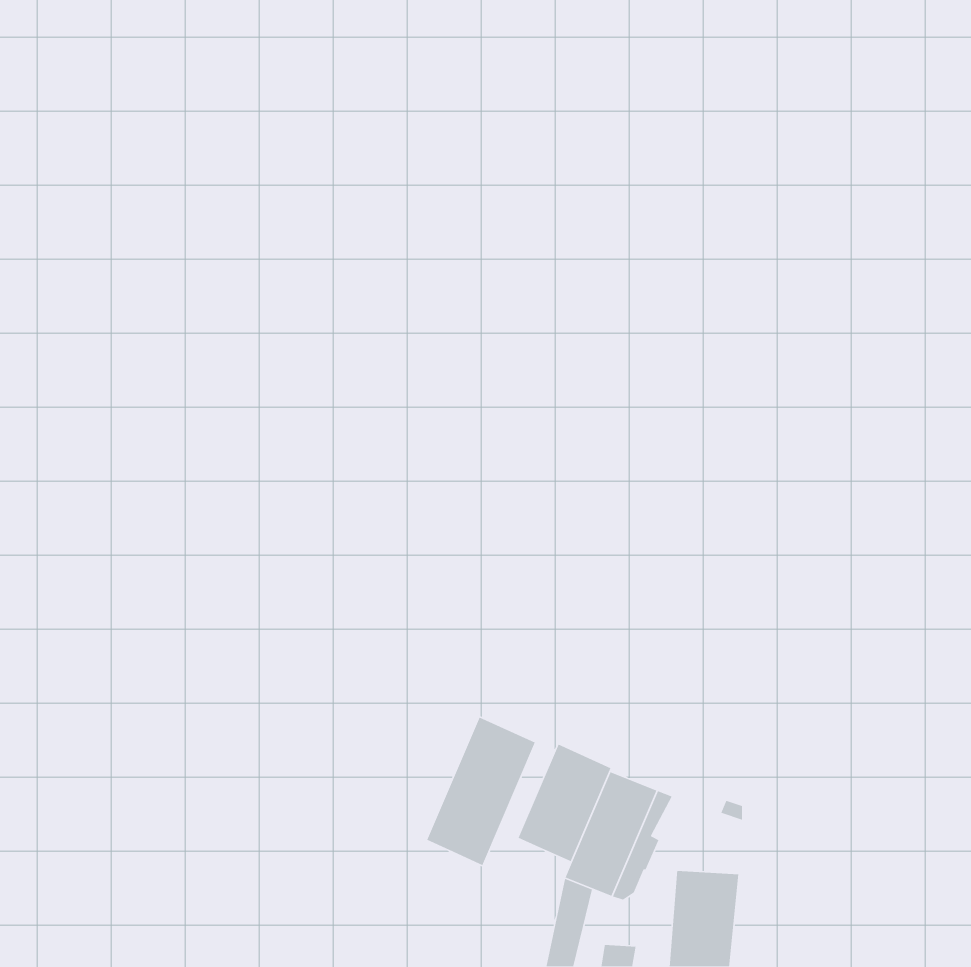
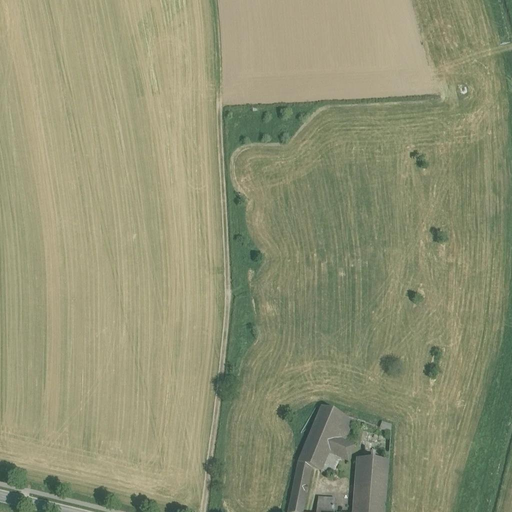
building: [426,716,536,866] -> none
building: [518,744,612,862] -> none

